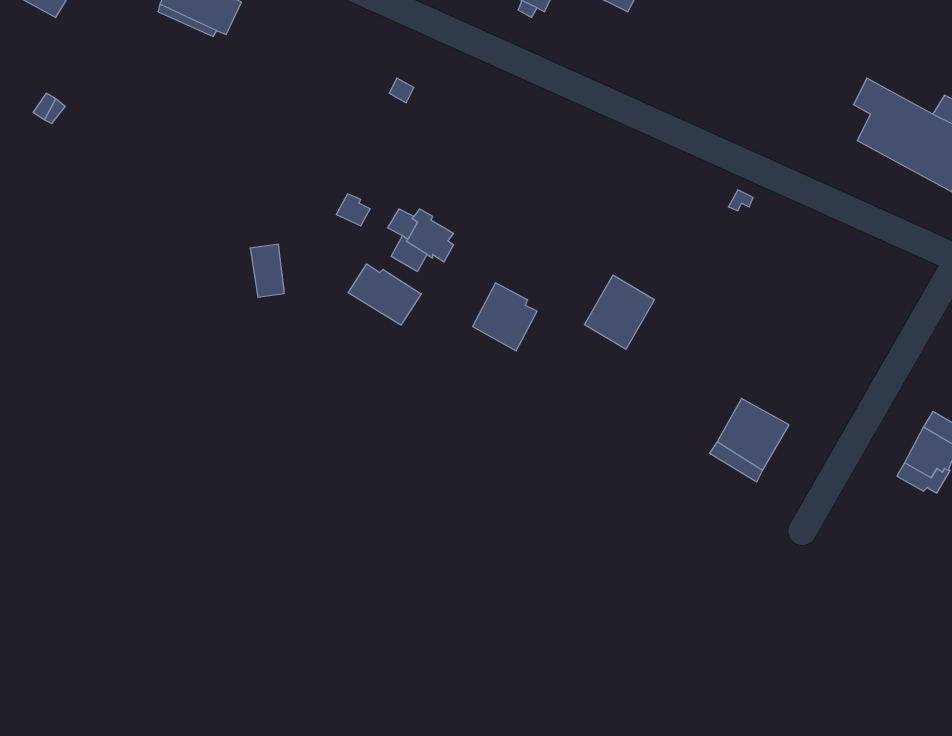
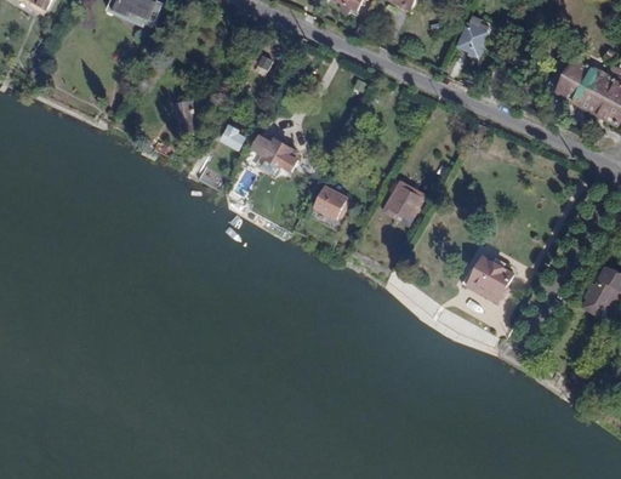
building: none -> [460,15,489,57]
building: [250,244,284,297] -> [175,99,196,133]
building: [348,264,421,325] -> none

